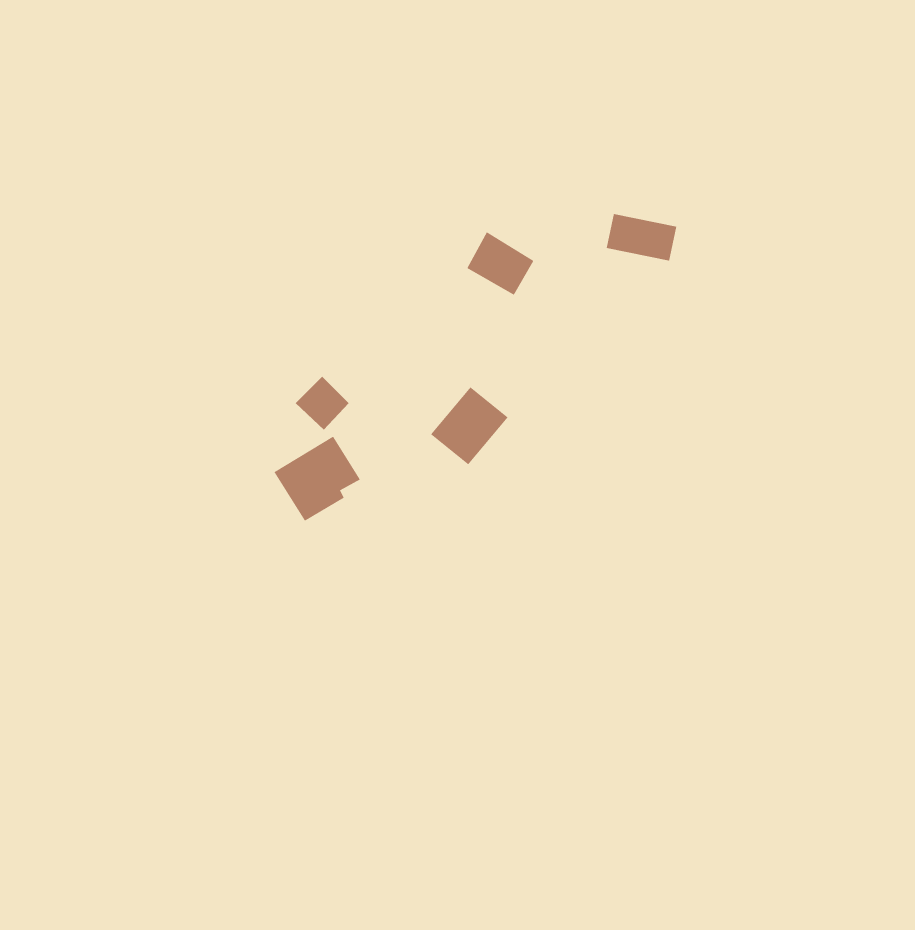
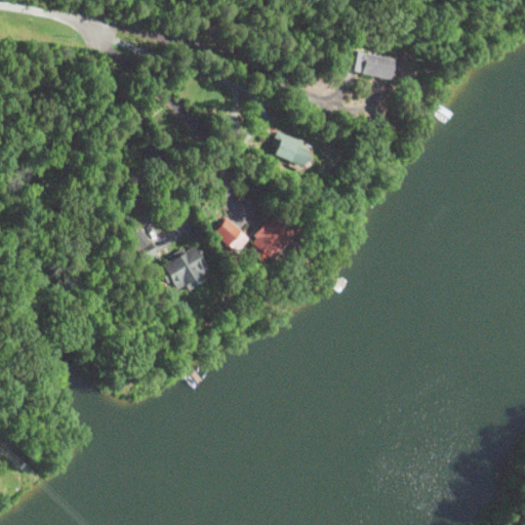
building: [606,214,677,261] -> [353,50,393,77]
building: [295,376,349,430] -> [215,215,246,246]

